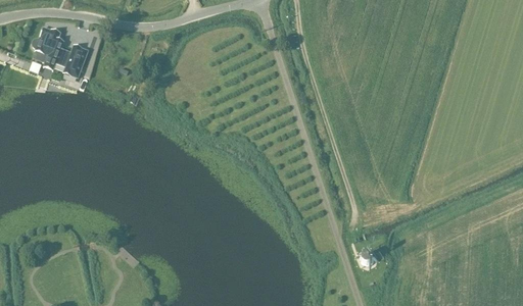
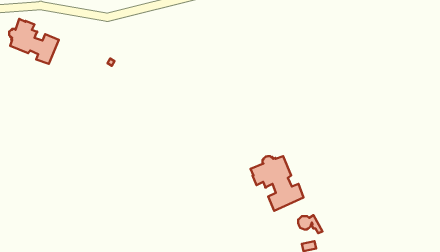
building: none -> [250,156,304,211]

